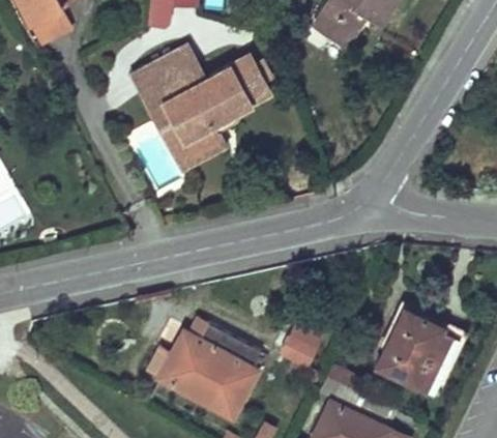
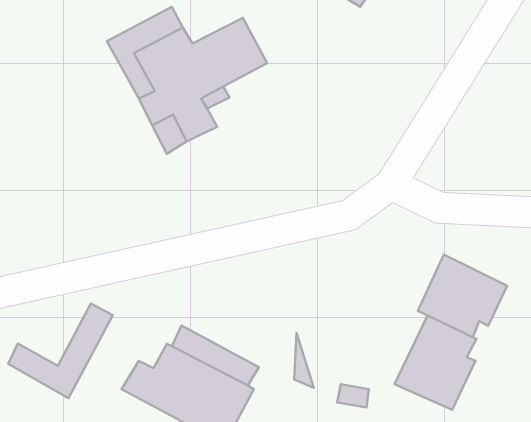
building: none -> [418,254,507,337]
building: none -> [8,304,113,398]

